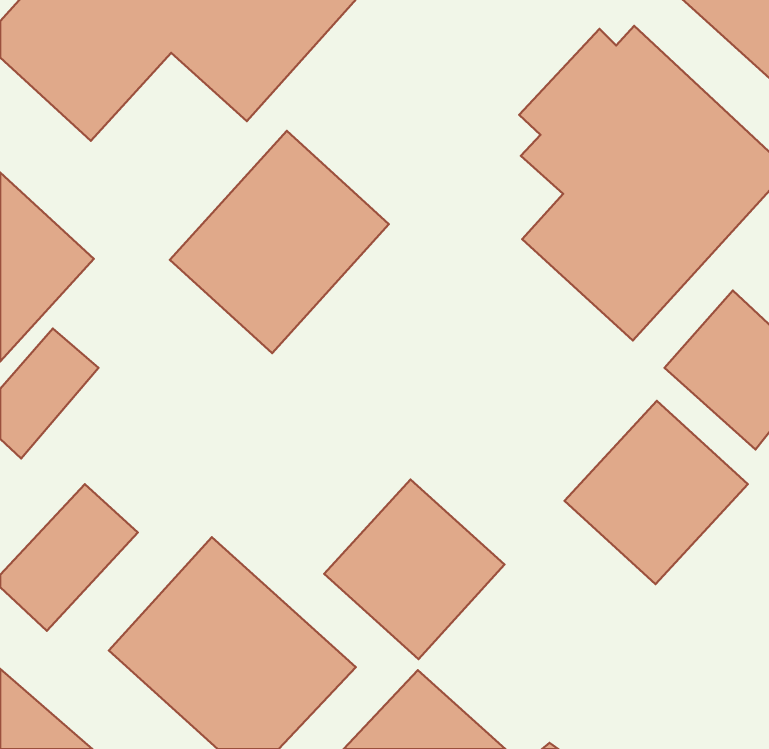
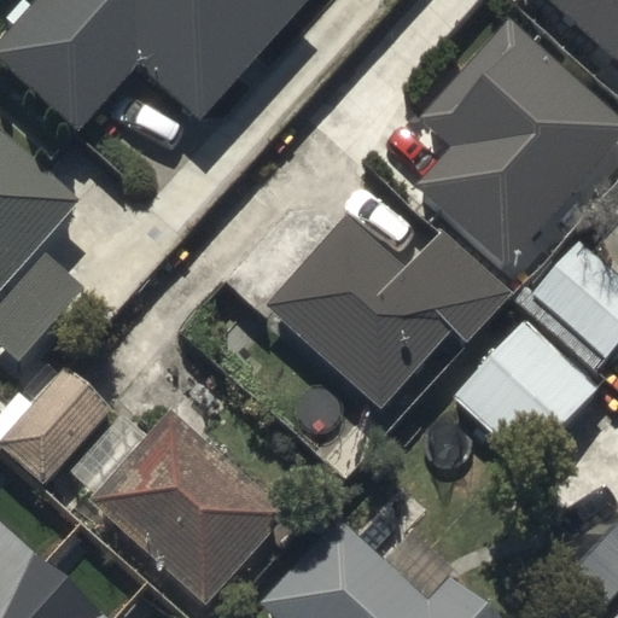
building: [170,131,389,353] -> none
building: none -> [266,216,513,410]
building: [324,479,505,659] -> none

